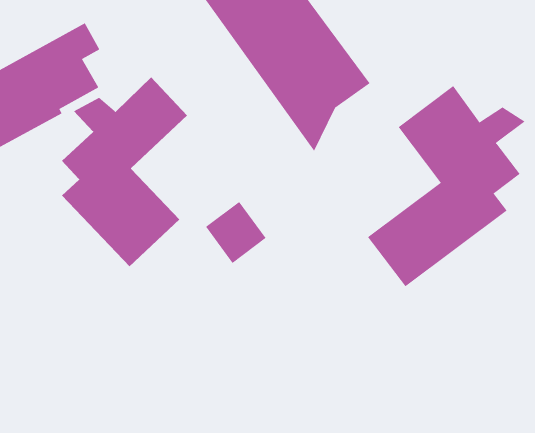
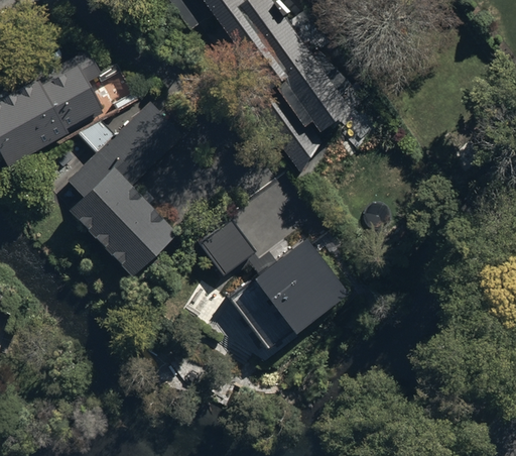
building: [367,85,526,287] -> none
building: none -> [229,235,353,352]

